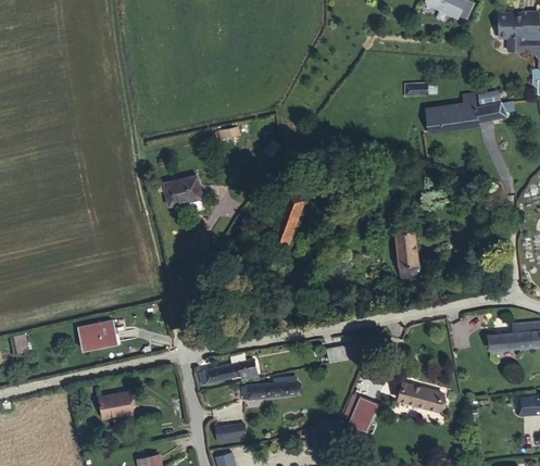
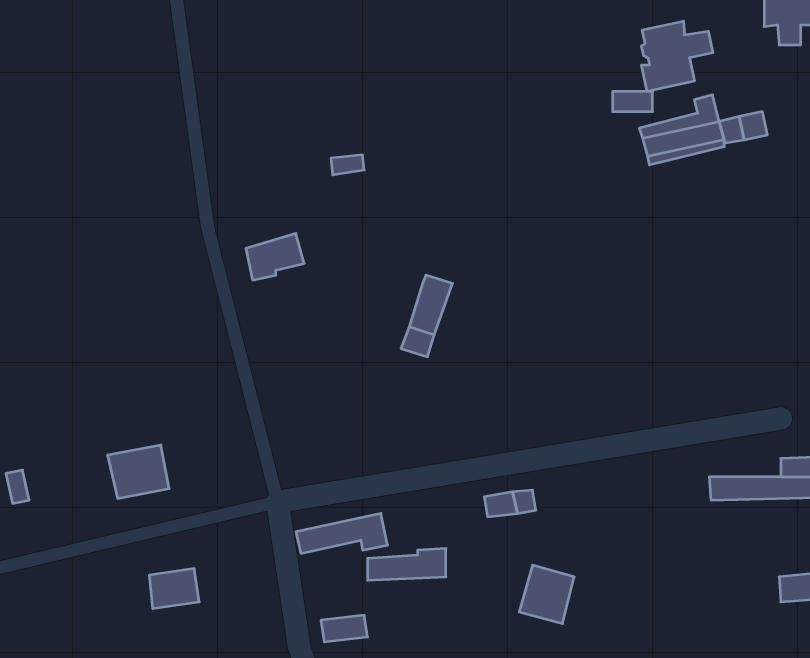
building: none -> [642,21,713,91]
building: [393,232,417,276] -> none
building: [398,385,441,412] -> none

